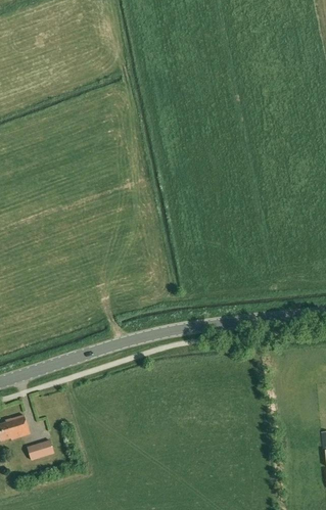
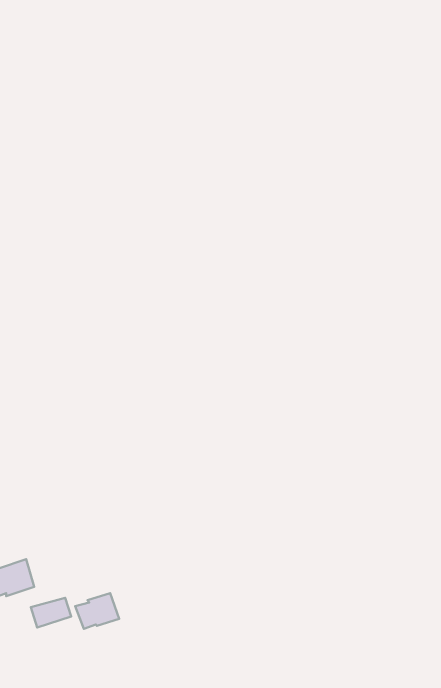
building: none -> [75,593,119,629]

